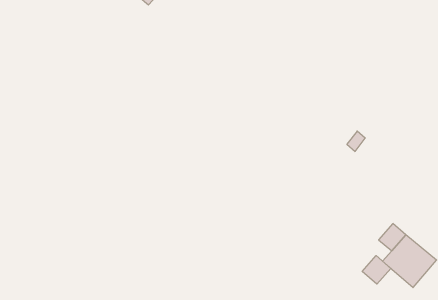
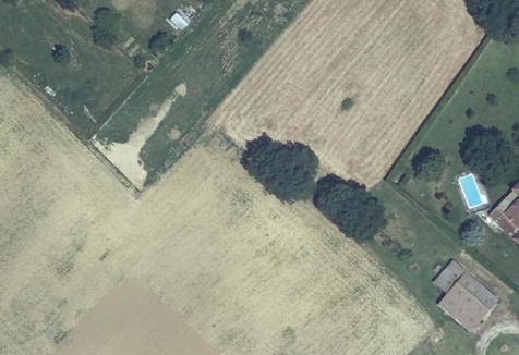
building: [362,256,391,284] -> none

